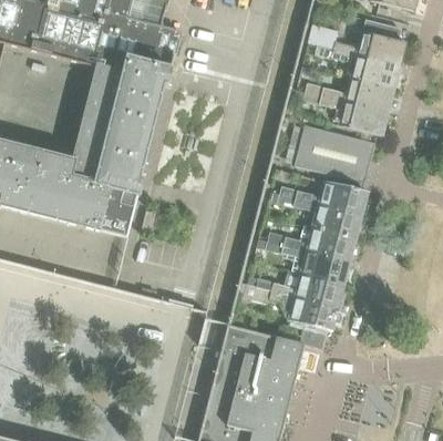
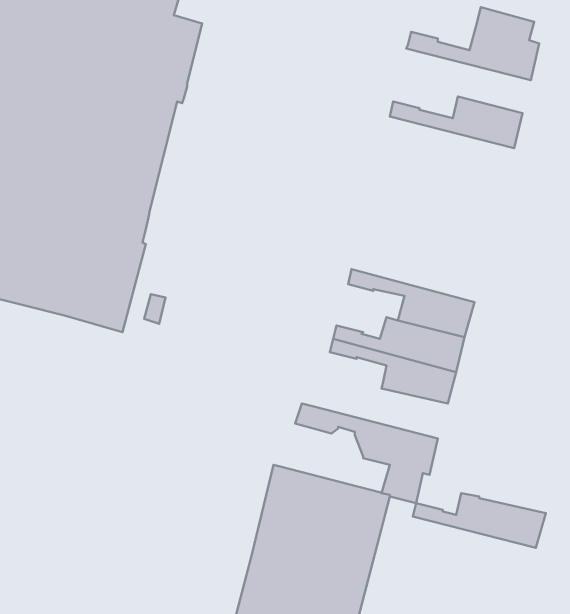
building: [313,47,399,90] -> none
building: [302,92,388,137] -> none
building: [293,124,374,183] -> none
building: [279,181,367,216] -> none
building: [255,270,343,307] -> [413,493,546,548]

